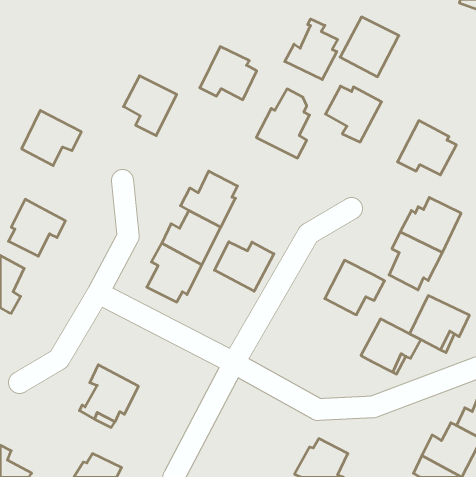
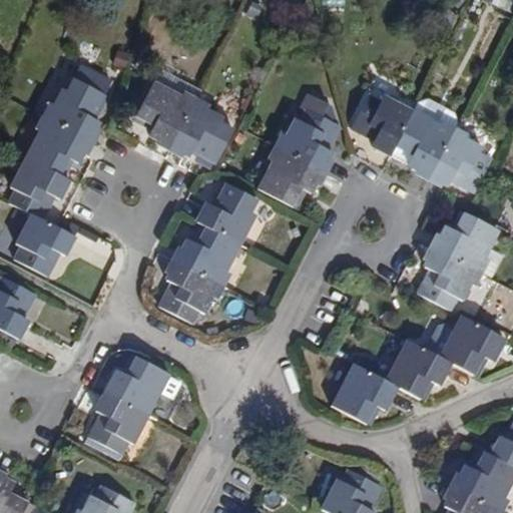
building: [340,17,399,77] -> [388,109,451,173]
building: [285,19,338,80] -> none
building: [200,47,257,100] -> [169,101,230,158]
building: none -> [45,79,103,141]
building: none -> [256,147,321,205]
building: none -> [8,159,68,219]
building: [214,242,274,291] -> none
building: [325,260,385,315] -> [336,365,400,423]
building: none -> [107,356,172,414]

